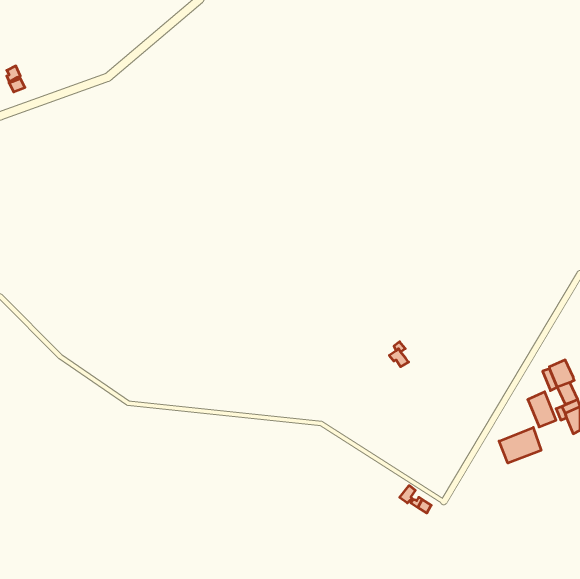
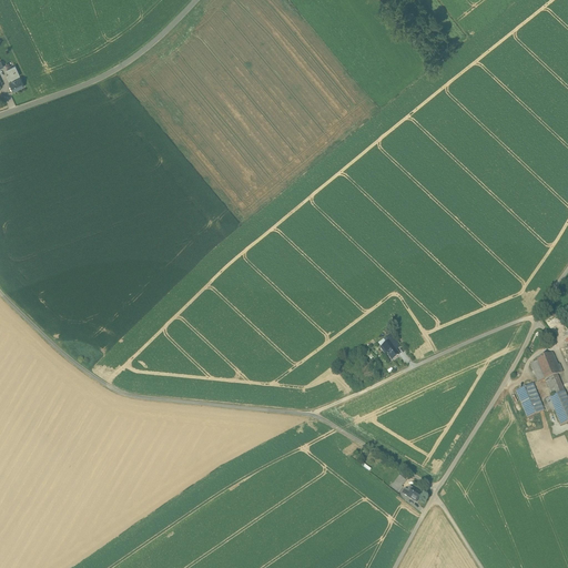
building: [499,427,541,463] -> none

